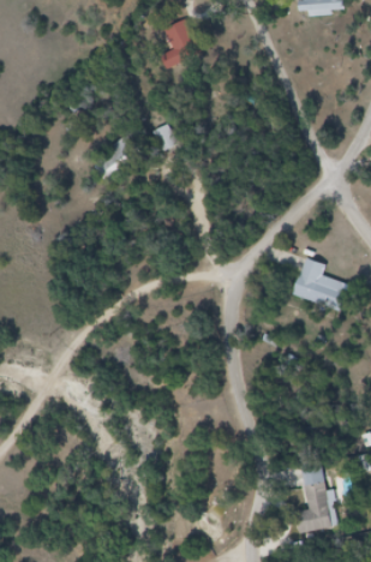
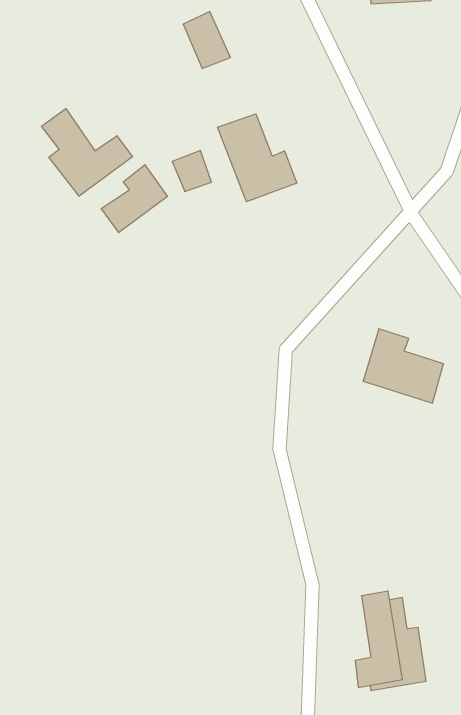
building: none -> [41,109,132,196]
building: none -> [218,114,297,202]

